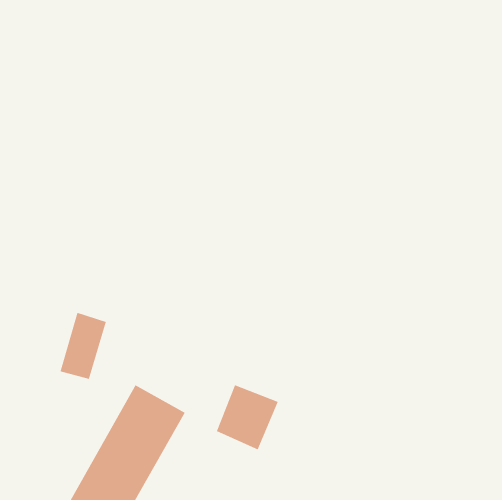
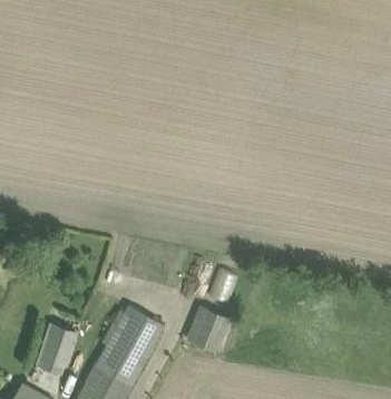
building: [59,312,107,380] -> [42,322,76,370]

